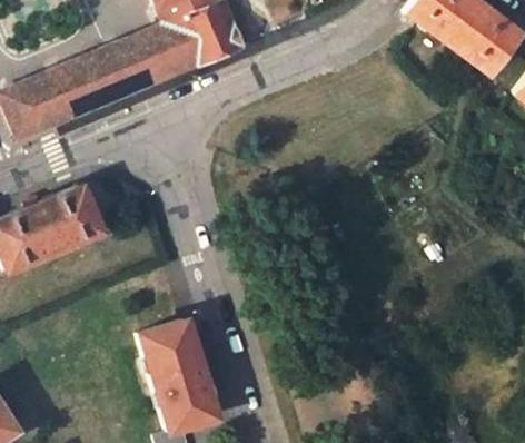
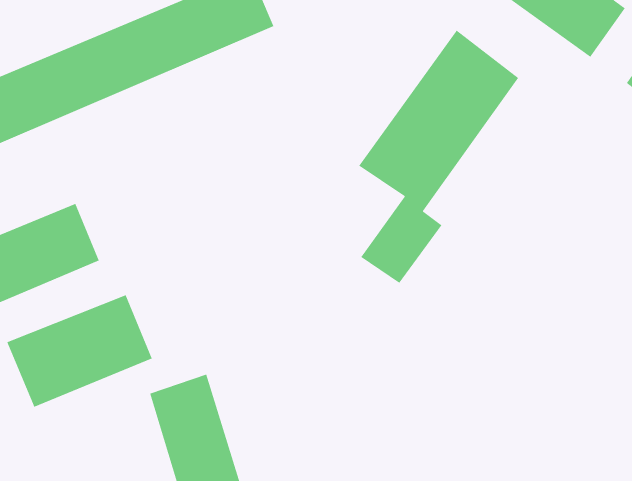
building: none -> [358,30,519,284]
building: none -> [6,294,153,408]

